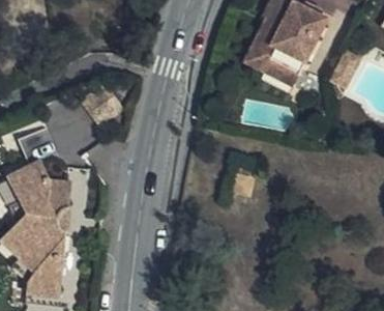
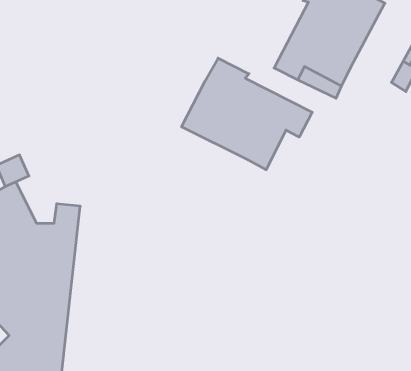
building: none -> [182,58,312,170]

